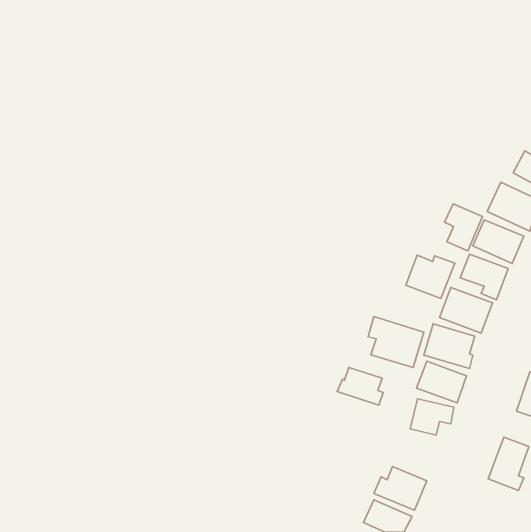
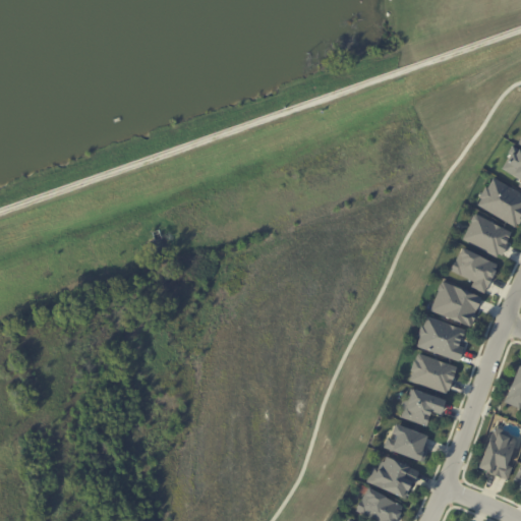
building: [445,204,482,251] -> none
building: [406,255,455,298] -> none
building: [368,317,424,367] -> none
building: [337,368,383,405] -> [384,424,428,461]

